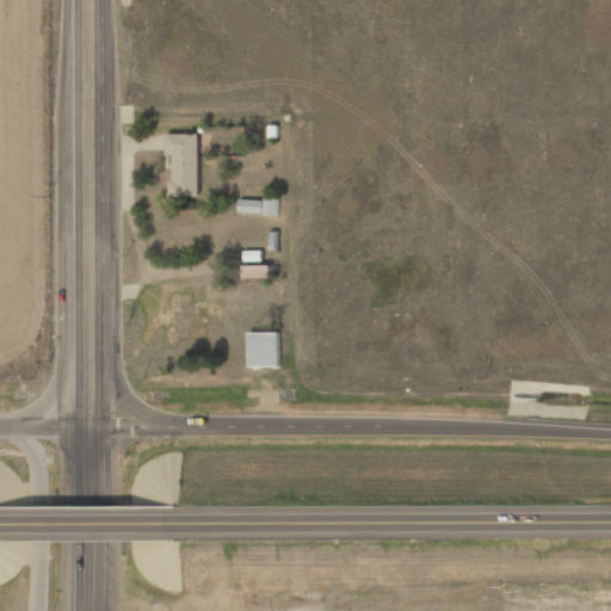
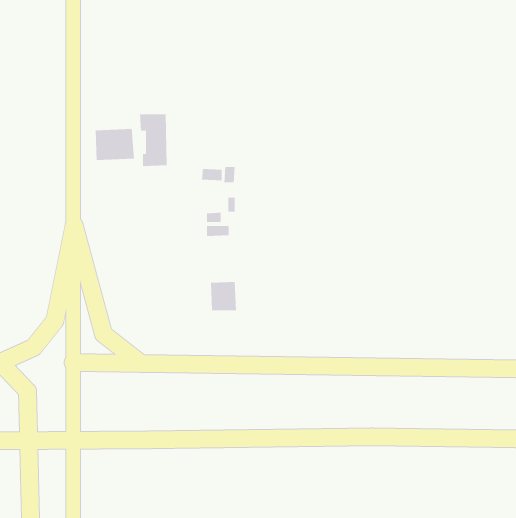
building: none -> [95,128,134,161]

